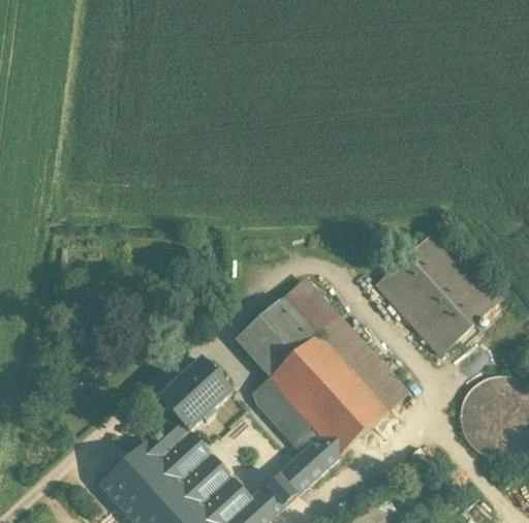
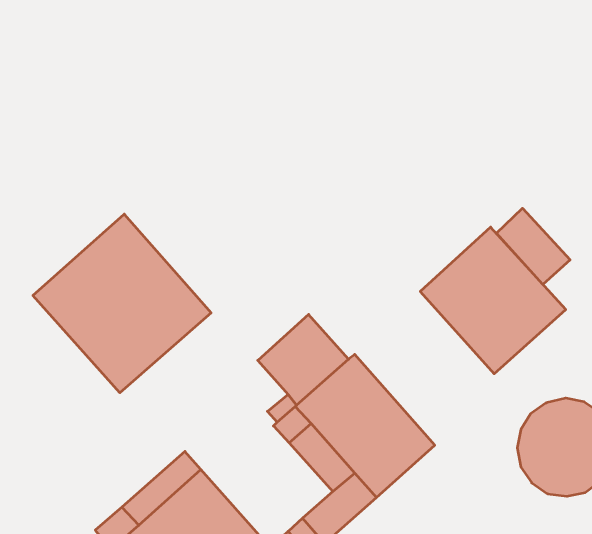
building: none -> [497,208,570,285]
building: none -> [33,214,211,393]
building: [280,279,408,413] -> none
building: [157,361,231,434] -> none

